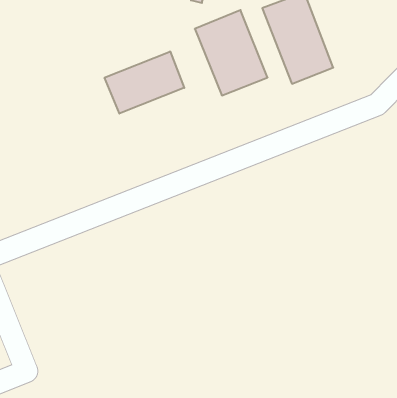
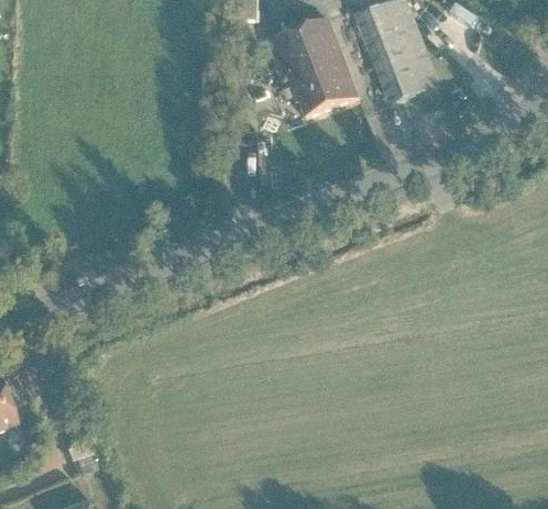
building: [105,51,184,114] -> none

